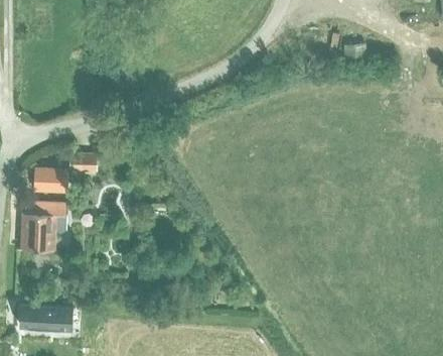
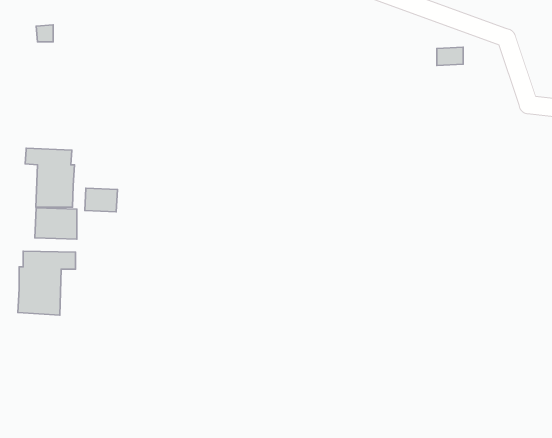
building: none -> [25,148,74,207]
building: [19,306,73,329] -> none

